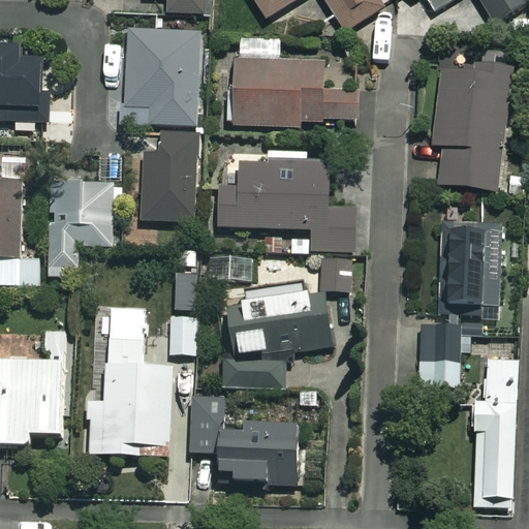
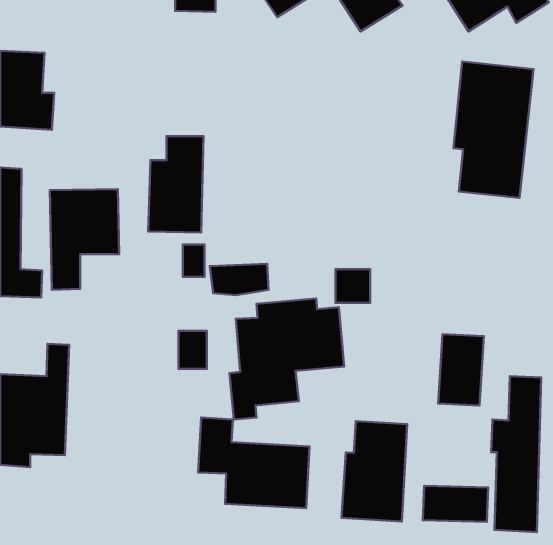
building: [116,27,203,125] -> none
building: [230,57,355,125] -> none
building: [218,149,354,250] -> none
building: [441,220,502,305] -> none
building: [89,339,170,456] -> none
building: none -> [341,421,407,521]
building: none -> [423,486,488,522]

